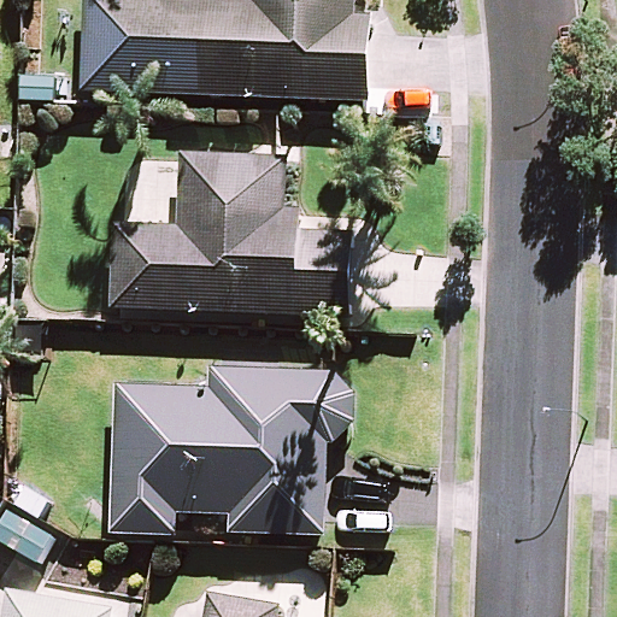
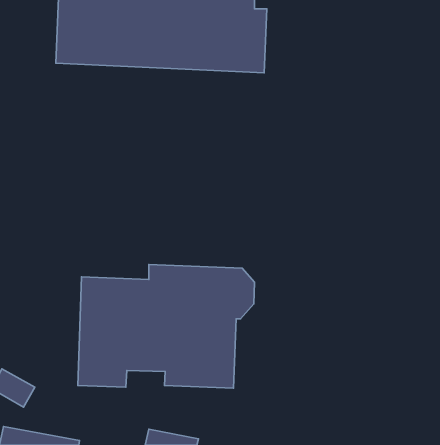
building: [108,151,352,313] -> none

